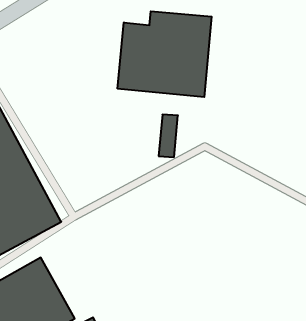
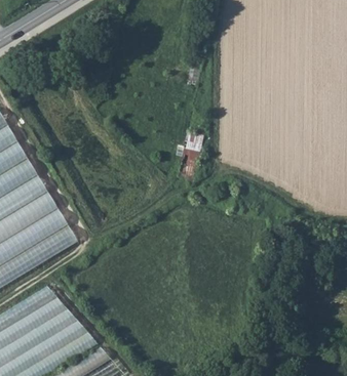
building: [118,11,212,97] -> none

